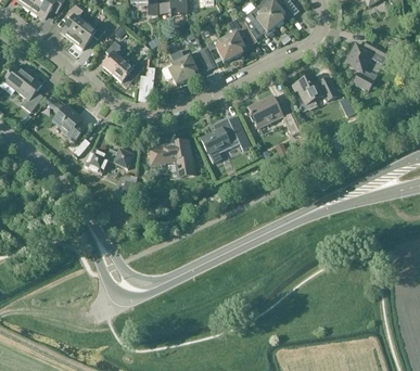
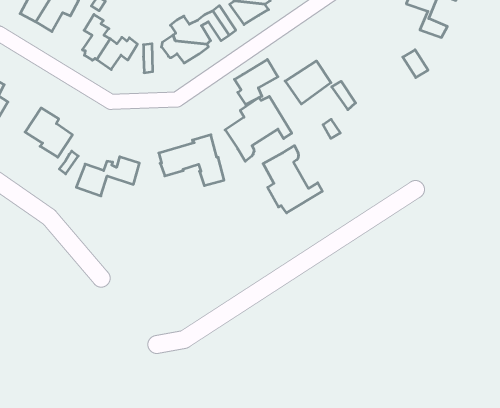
building: [291,75,338,111] -> none
building: none -> [234,59,278,105]
building: none -> [263,146,322,213]

